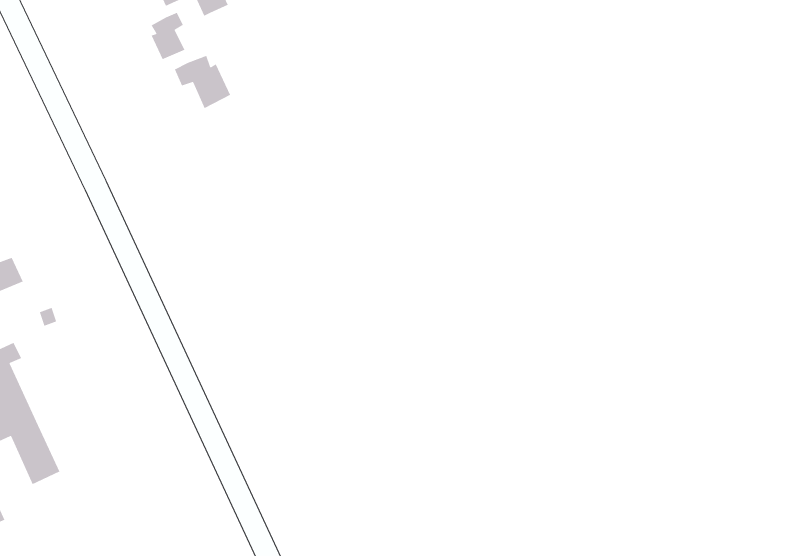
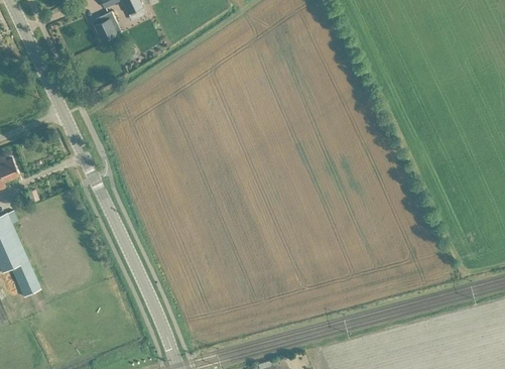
building: [174,55,231,109] -> none

